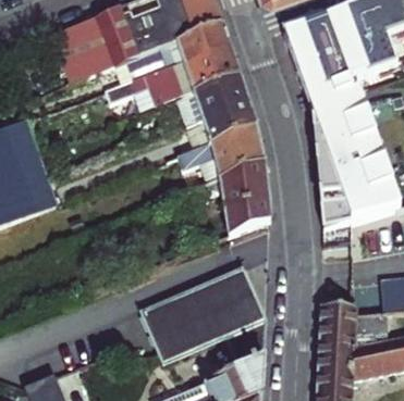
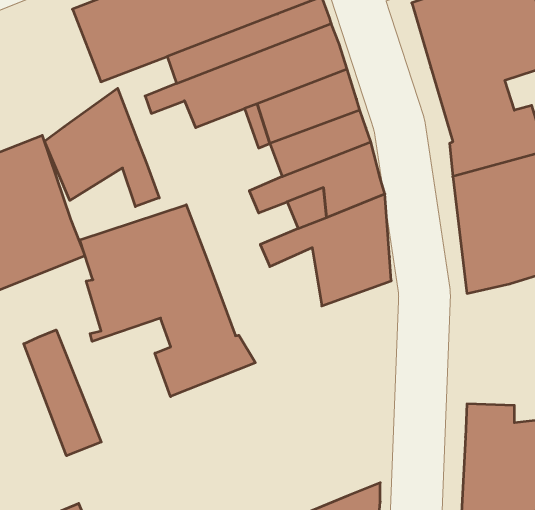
building: none -> [44,88,159,207]
building: none -> [80,205,255,397]
building: none -> [24,330,101,456]
building: [143,267,266,368] -> none

